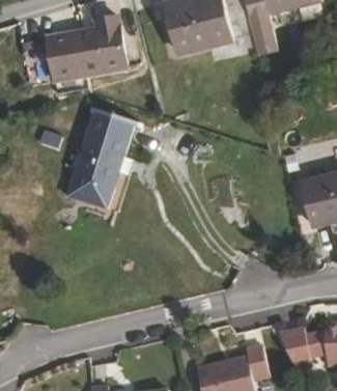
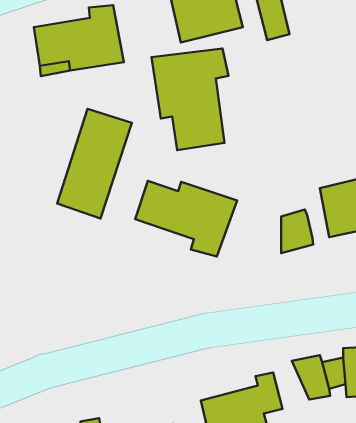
building: none -> [151,48,229,150]
building: none -> [135,181,237,257]
building: none -> [281,209,313,253]

